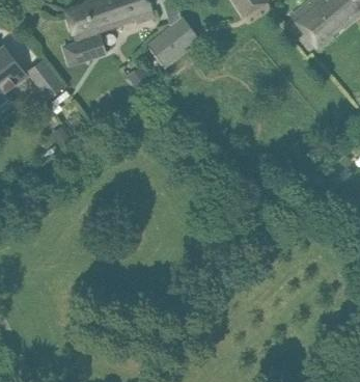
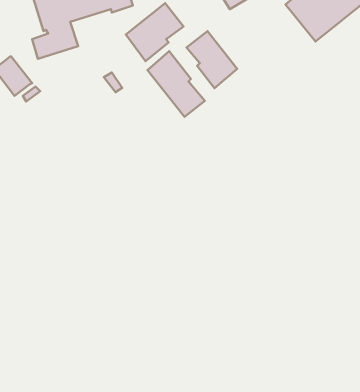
building: none -> [186,31,237,88]
building: none -> [147,51,205,117]

